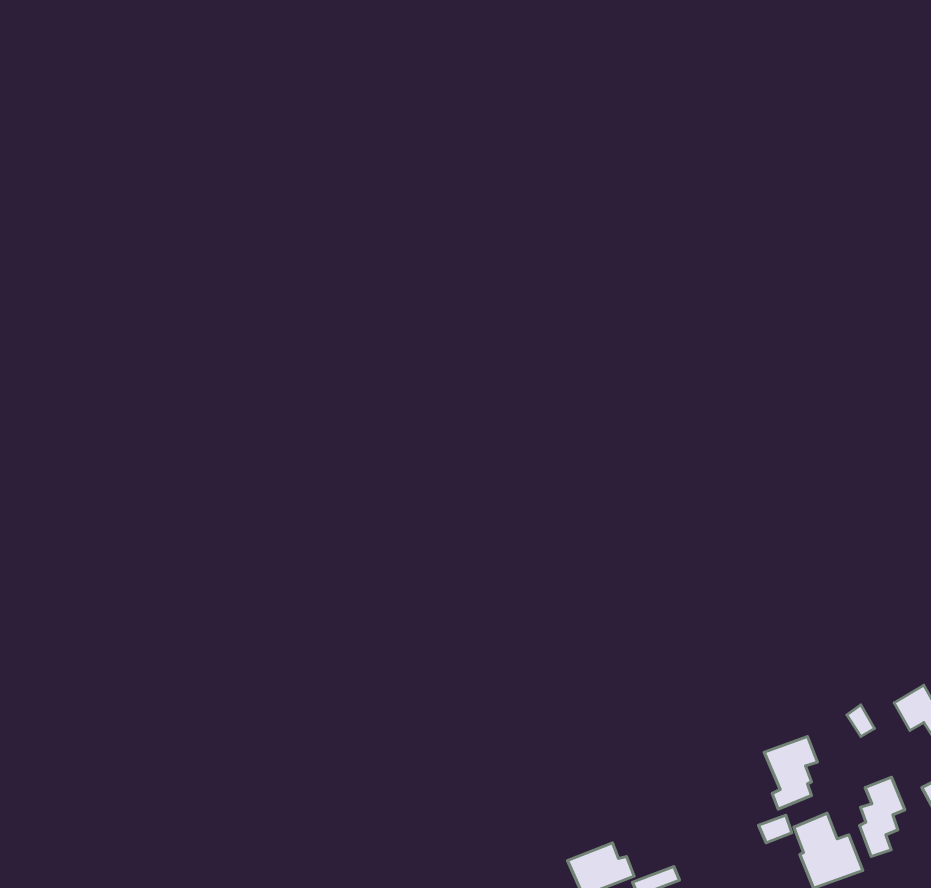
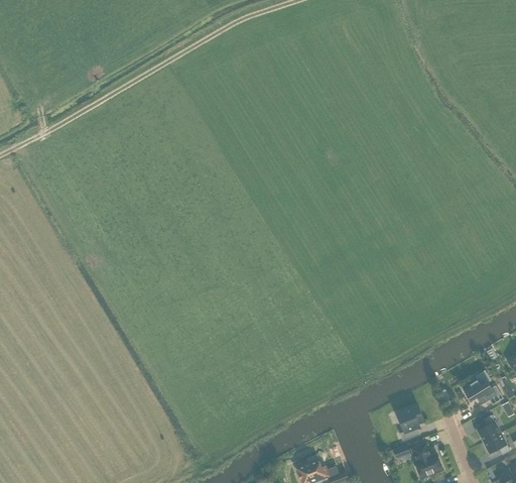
building: [859,777,905,857] -> none

